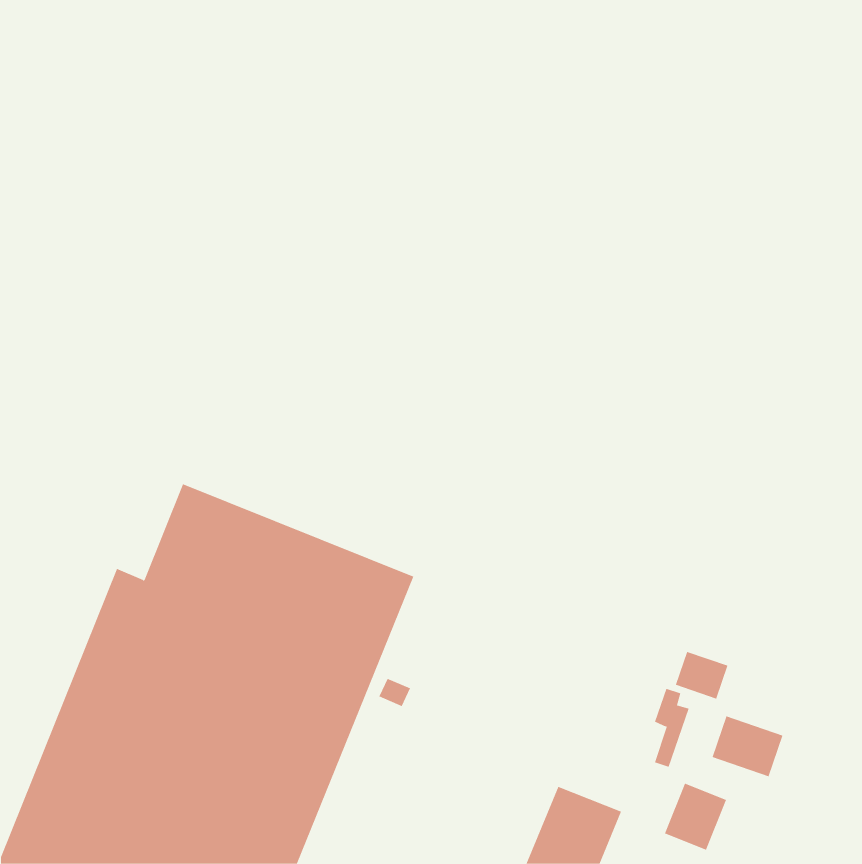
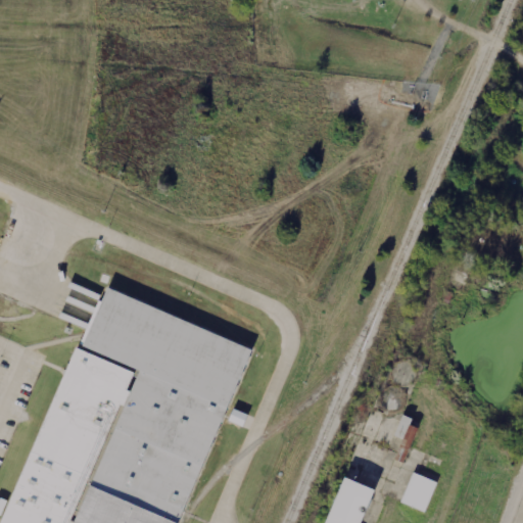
building: [675,651,728,699] -> none
building: [712,716,783,777] -> none

